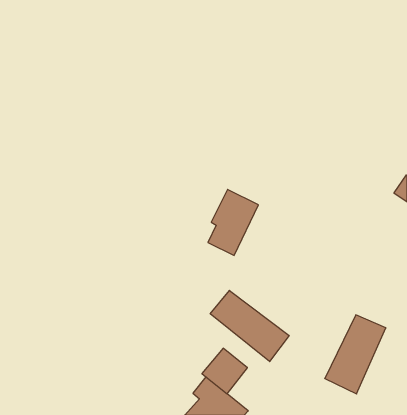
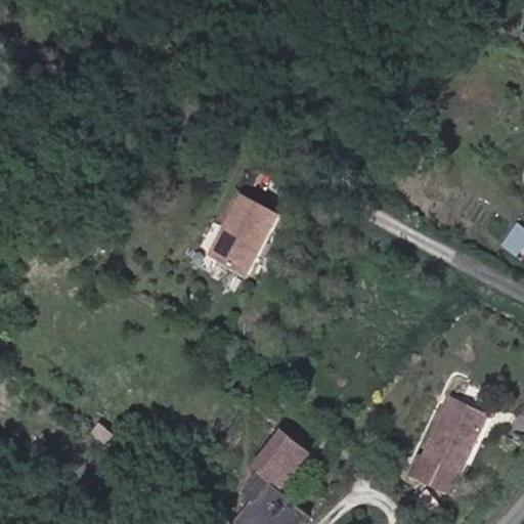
building: [208,189,258,255] -> [212,193,275,276]
building: [210,290,289,362] -> none

